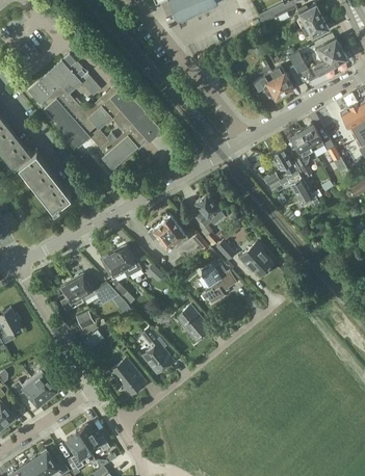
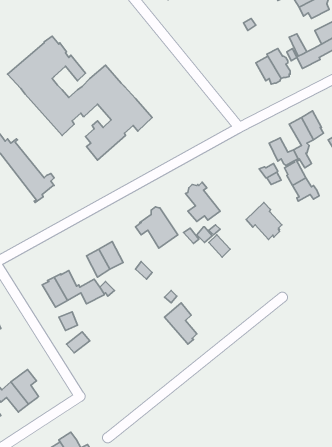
building: [239,242,272,276] -> [246,203,282,239]
building: [201,264,237,303] -> none
building: [142,326,168,373] -> none
building: [110,358,140,395] -> none

